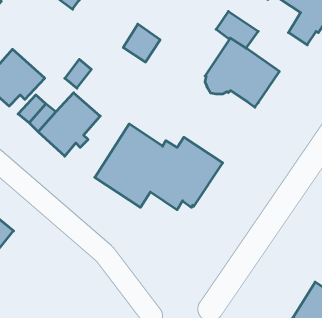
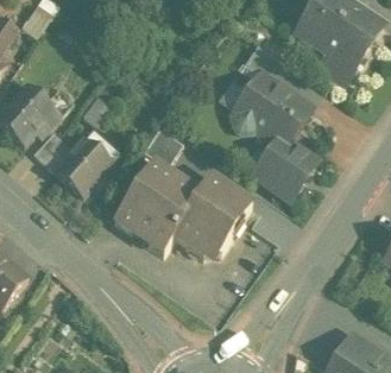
building: [123,24,160,62] -> [143,127,182,167]
building: none -> [254,140,316,198]

